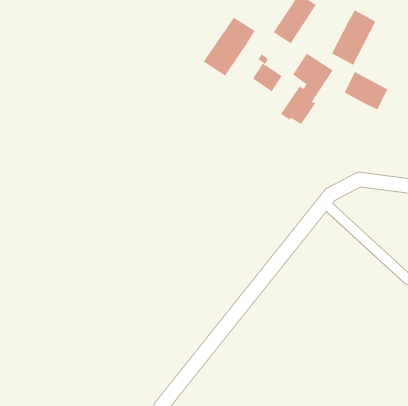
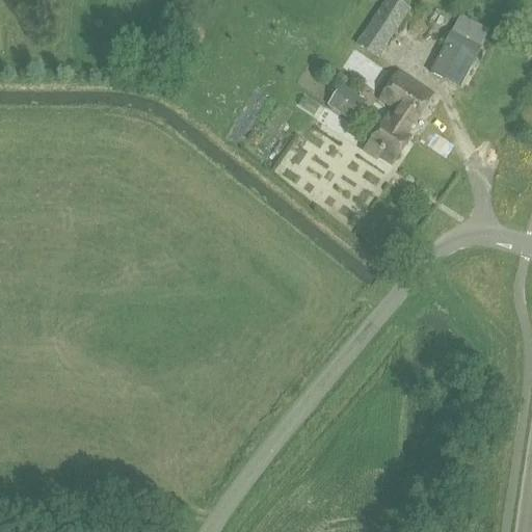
building: [203,17,255,76] -> none
building: [344,71,388,110] -> none

